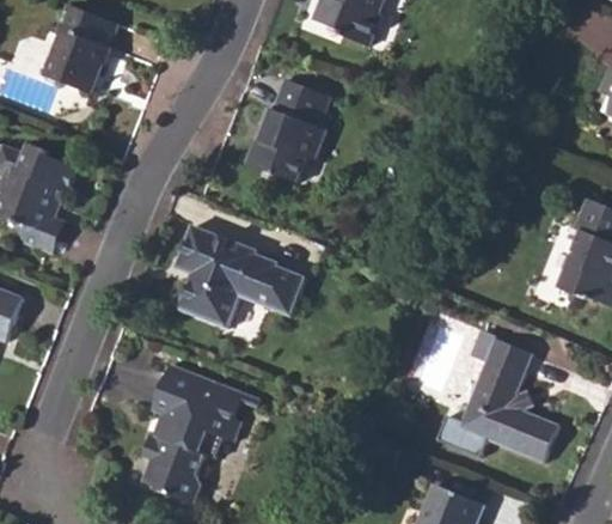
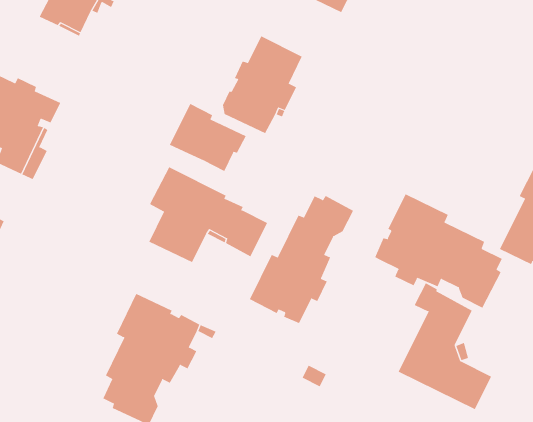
building: none -> [169,103,246,172]
building: none -> [374,193,503,308]
building: none -> [249,195,354,324]

